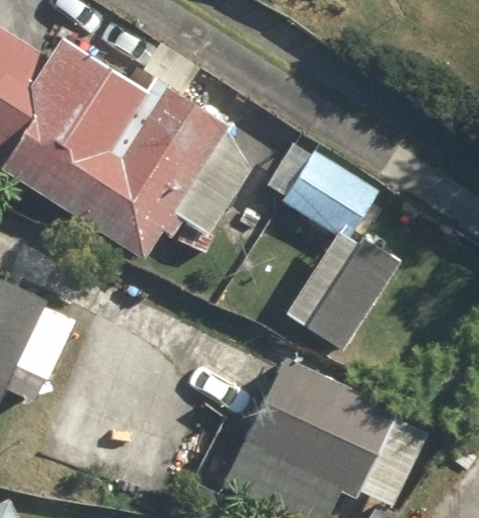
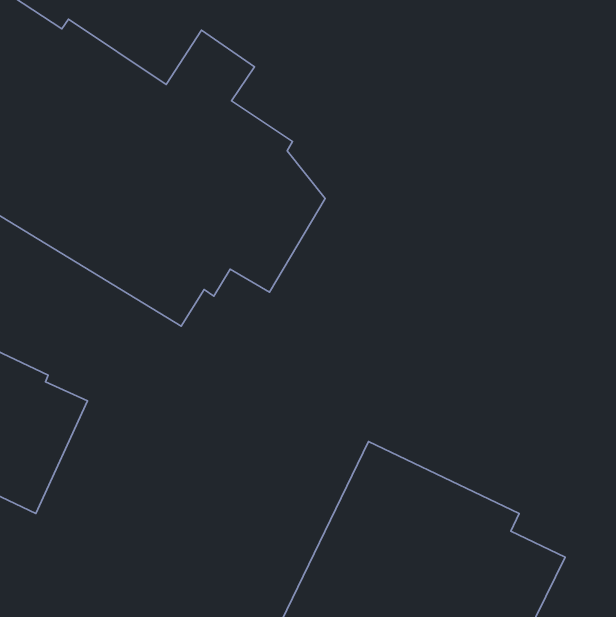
building: [264,144,401,352] -> none

